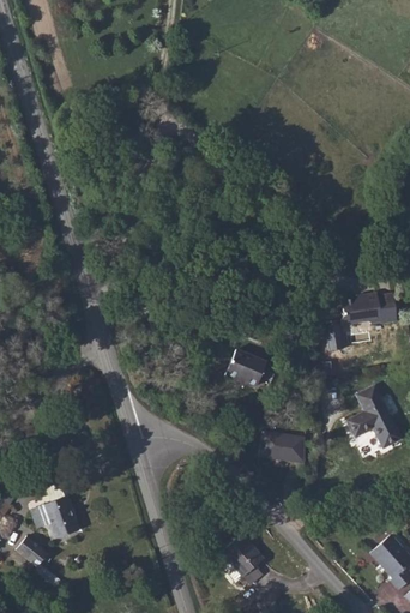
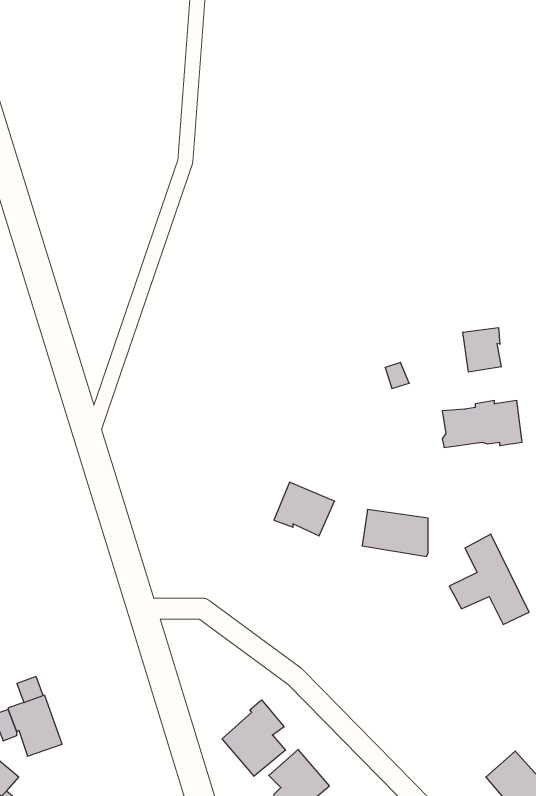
building: none -> [463,328,501,372]
building: [260,431,306,463] -> [362,510,428,556]
building: none -> [222,700,286,776]

